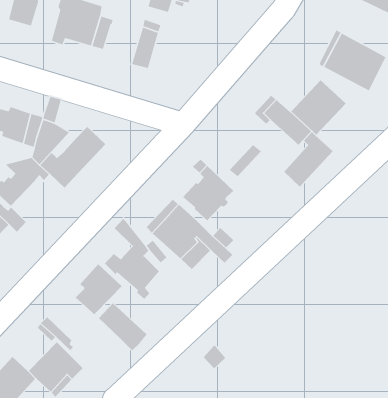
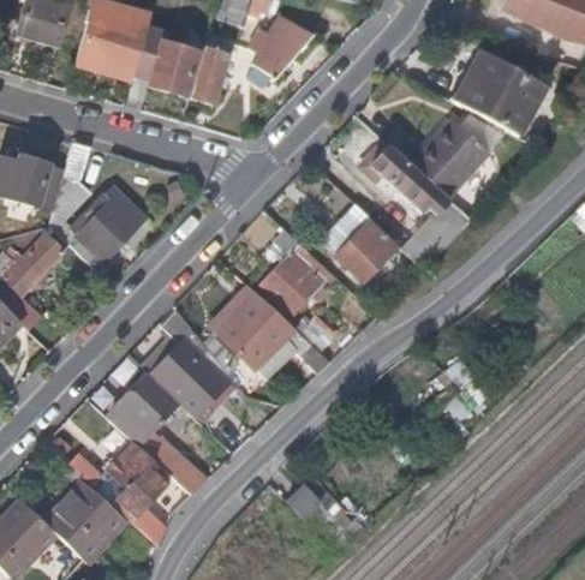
building: none -> [245,19,310,92]
building: none -> [148,41,198,95]
building: none -> [336,217,398,280]
building: none -> [107,443,172,545]

